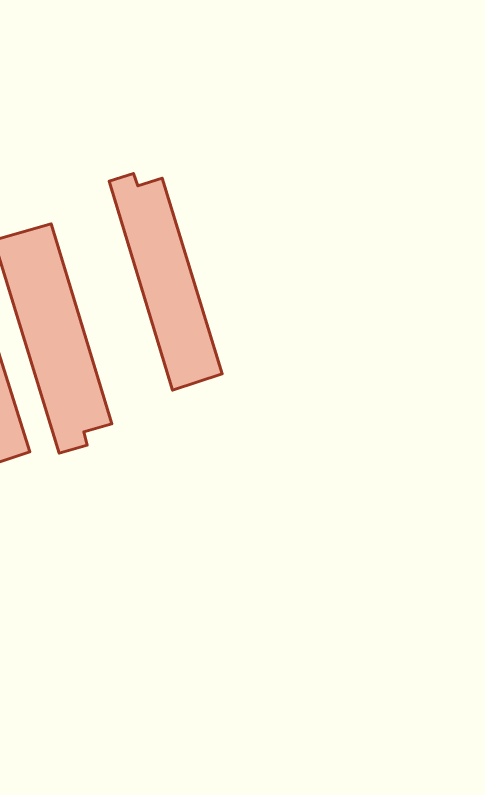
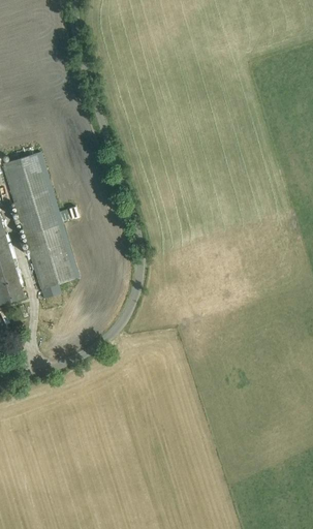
building: [109,173,222,390] -> none

